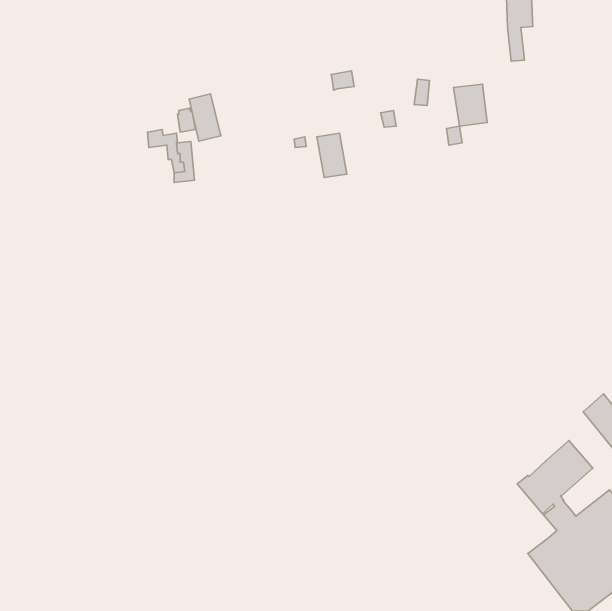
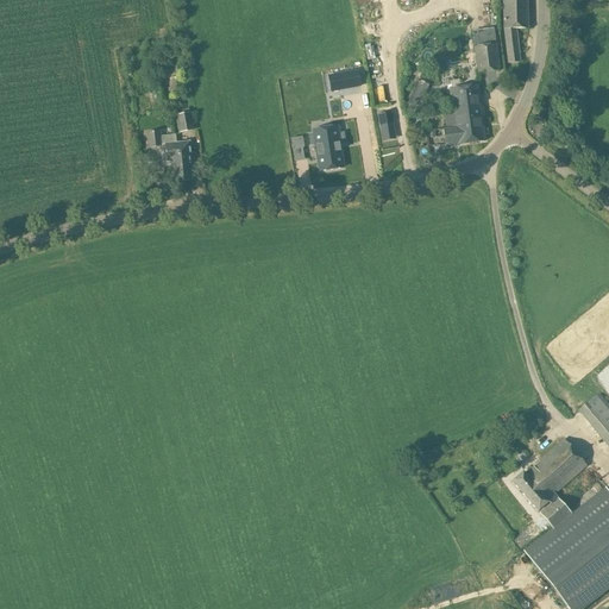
building: none -> [475,42,501,71]
building: [189,94,221,141] -> none
building: none -> [457,121,486,143]

